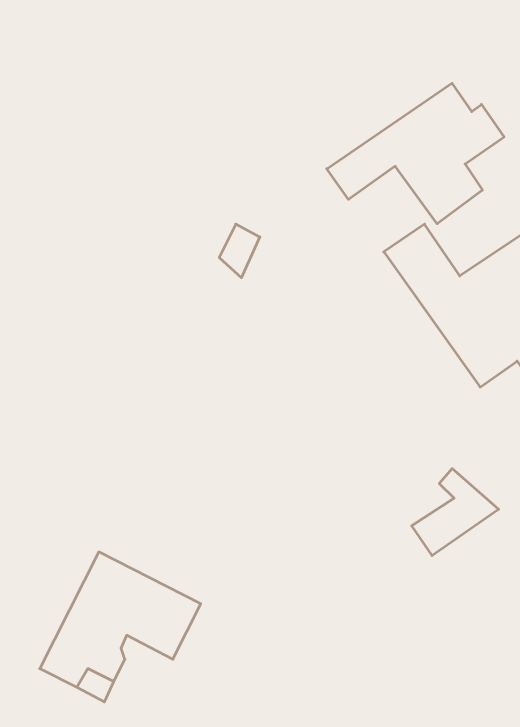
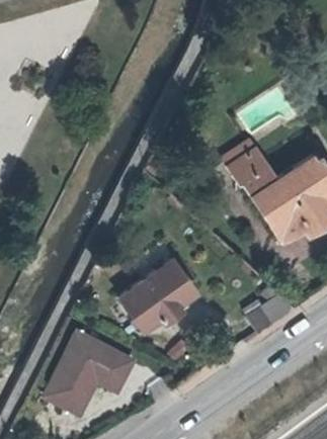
building: [327,83,504,224] -> none
building: none -> [124,259,200,330]

